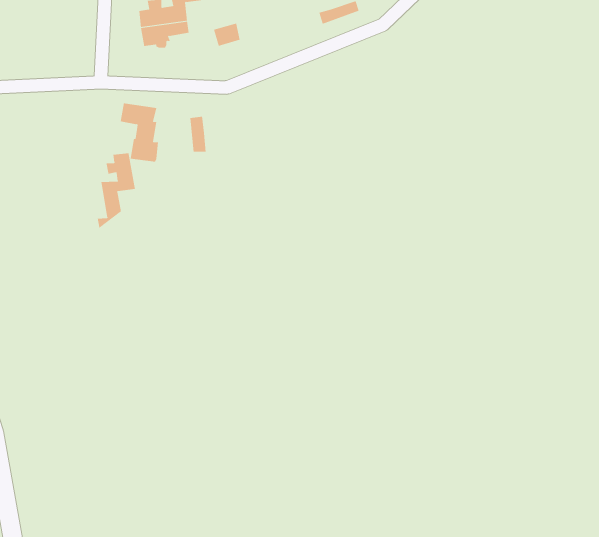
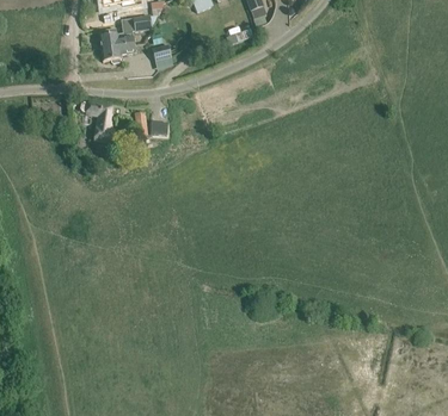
building: [97,152,135,229] -> none

